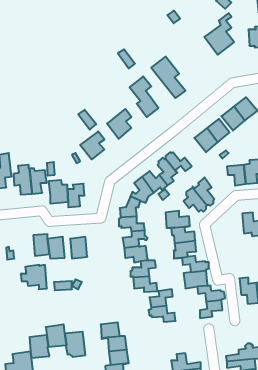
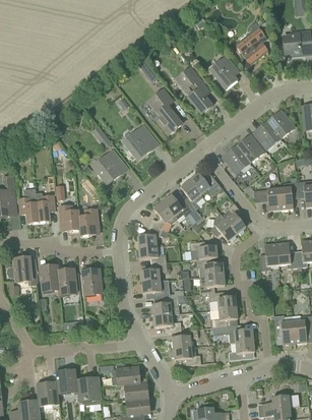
building: none -> [210,55,237,88]
building: none -> [258,243,278,272]
building: [21,265,47,289] -> [8,257,38,285]

